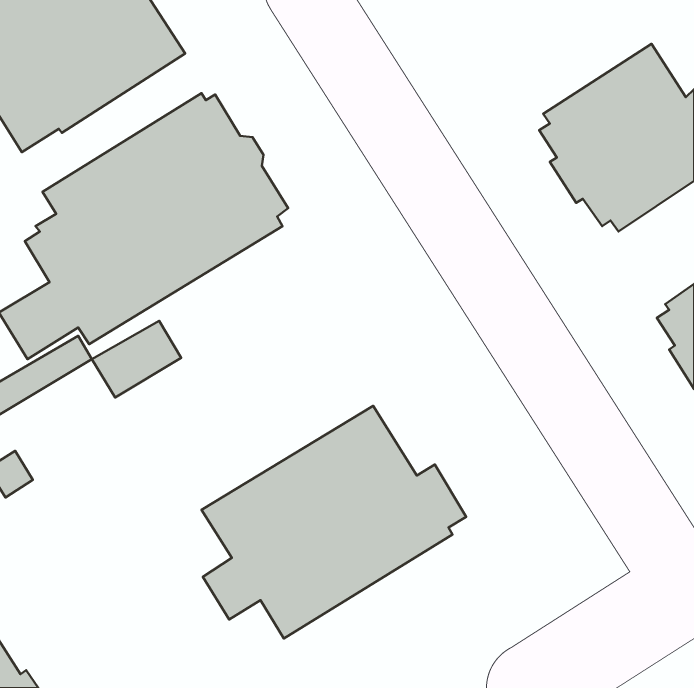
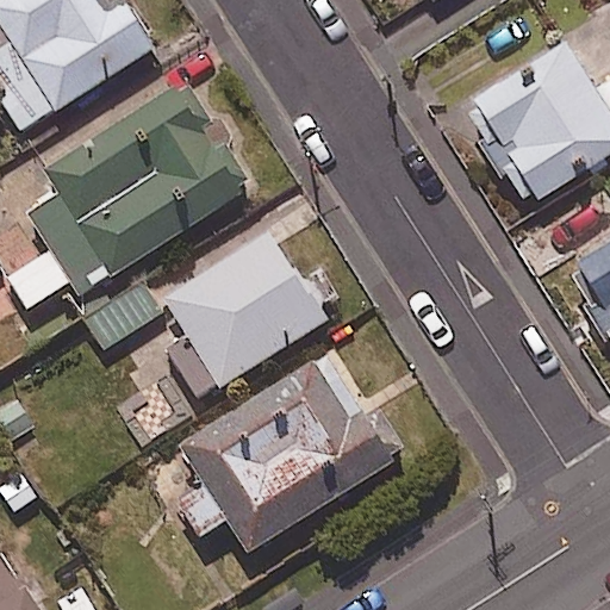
building: none -> [157,225,329,396]

